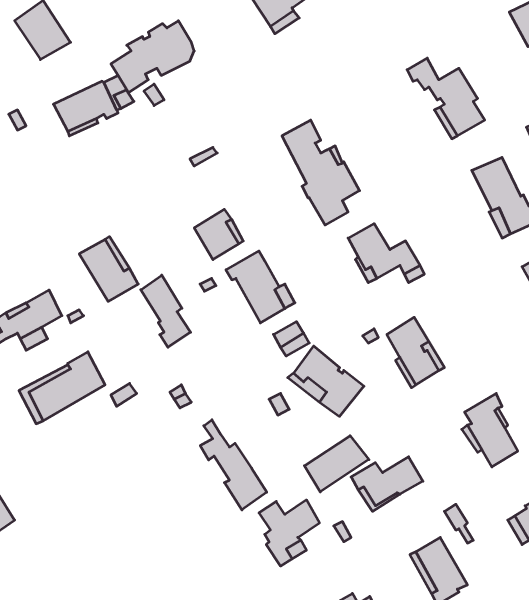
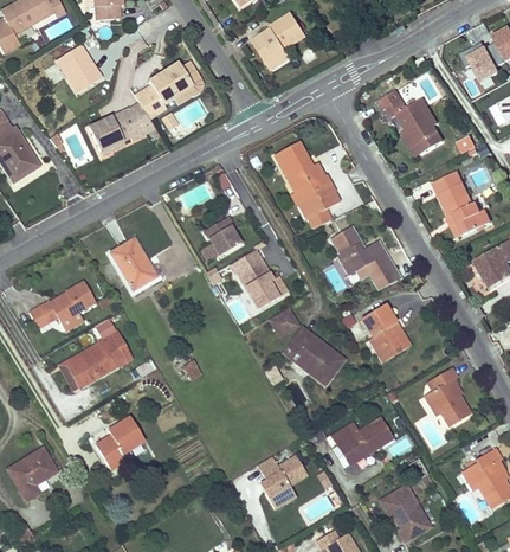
building: [141,275,191,347] -> none
building: [200,420,267,510] -> none
building: [304,436,369,492] -> none
building: none -> [95,416,143,469]

